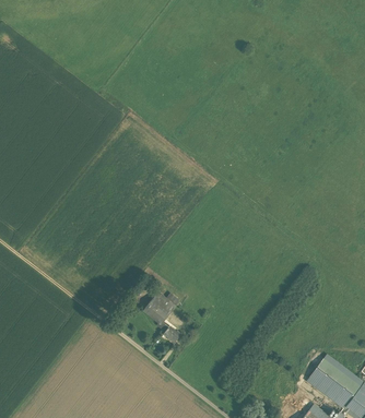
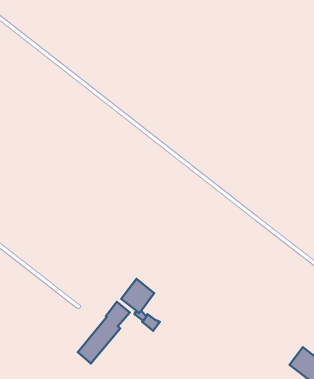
building: none -> [78,302,130,364]

